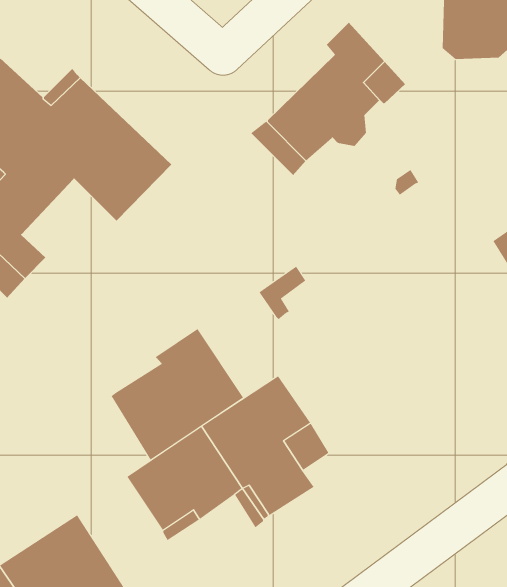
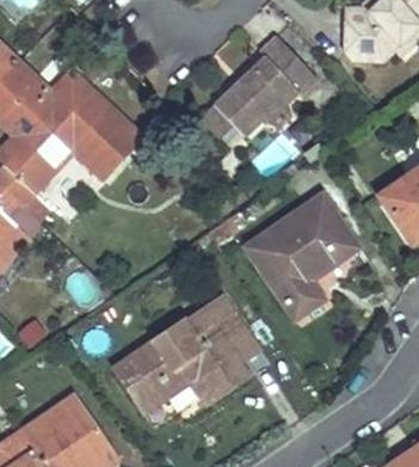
building: none -> [247,195,356,315]
building: [111,328,244,460] -> none

